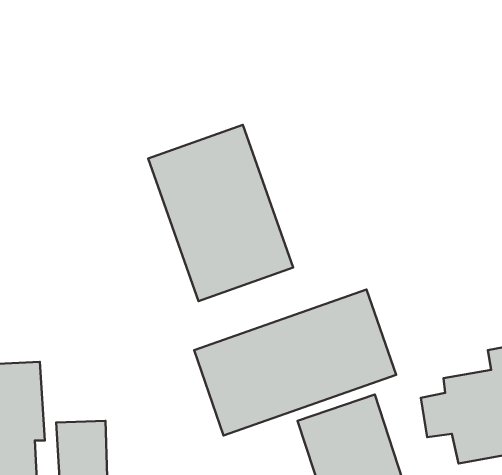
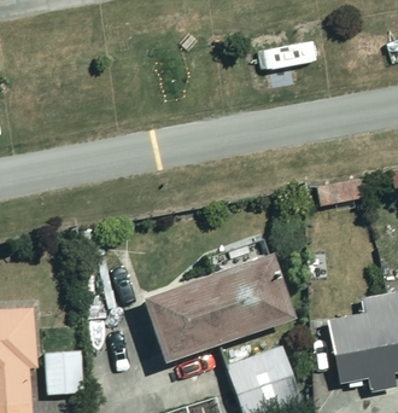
building: [148,125,293,301] -> none

